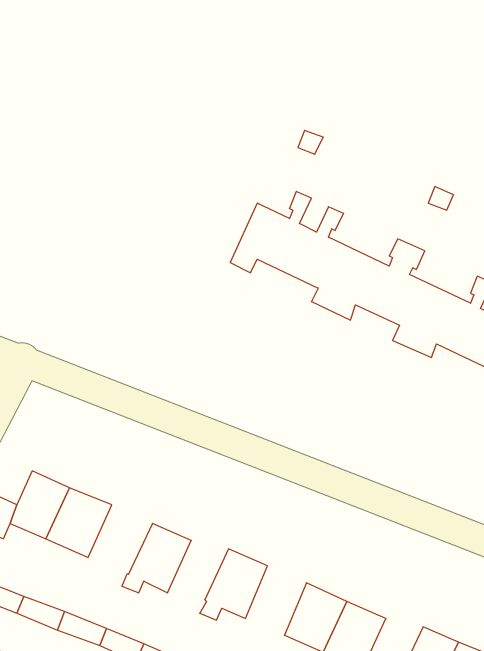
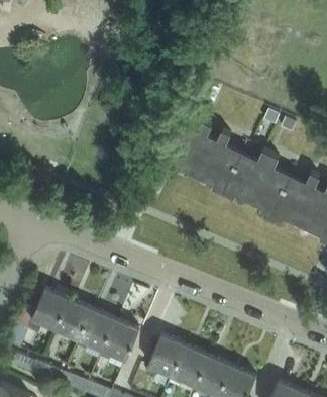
building: none -> [75,308,117,351]
building: none -> [170,344,209,386]

